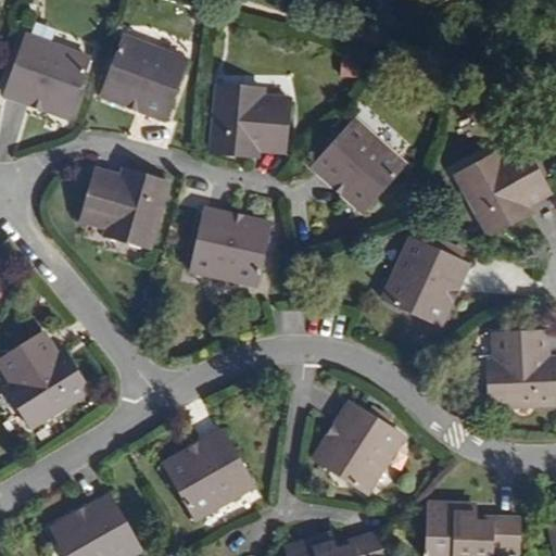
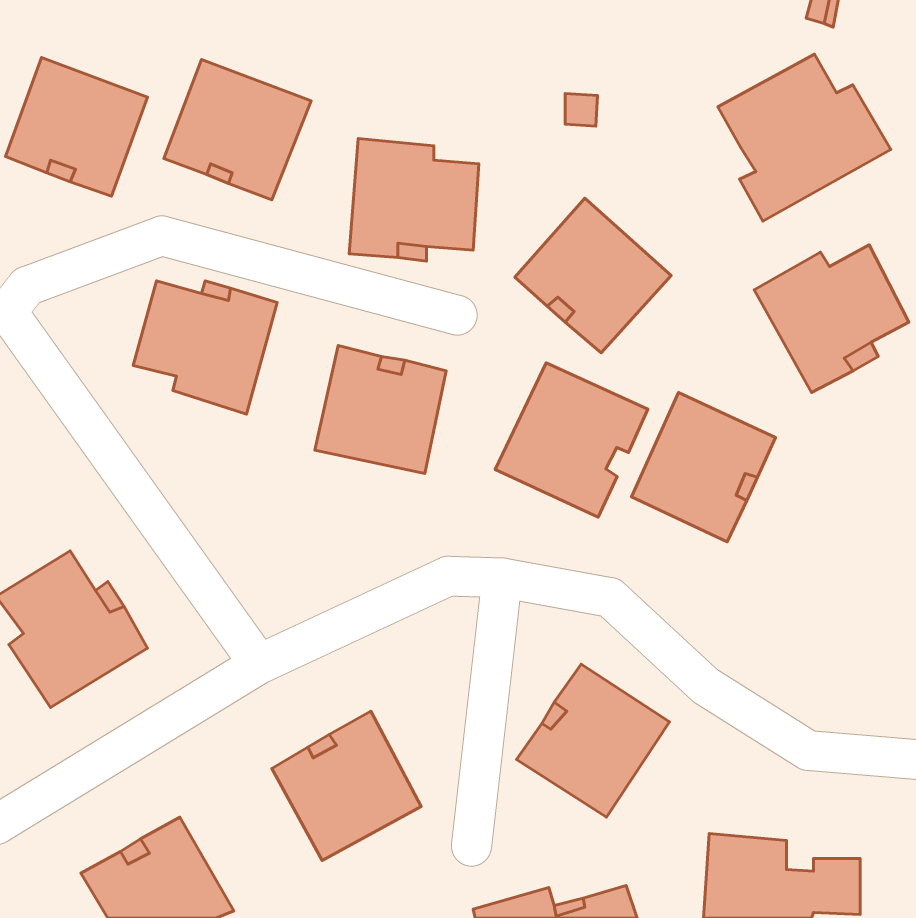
building: none -> [718,54,891,221]
building: none -> [495,363,648,517]
building: [476,339,546,413] -> none

